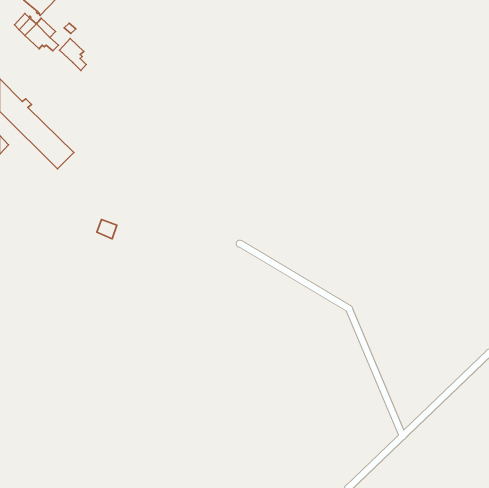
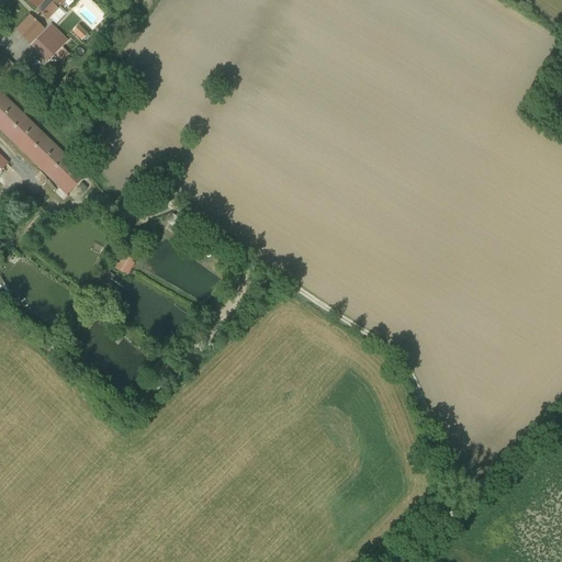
building: [59,38,86,71] -> none

